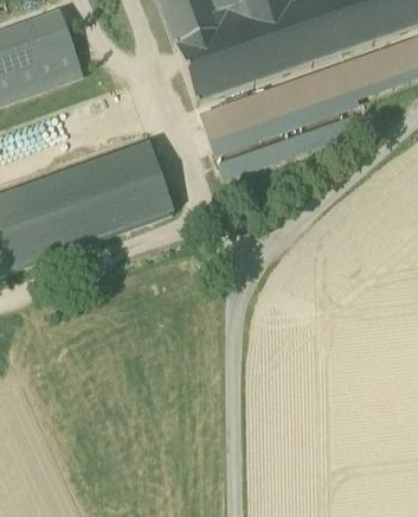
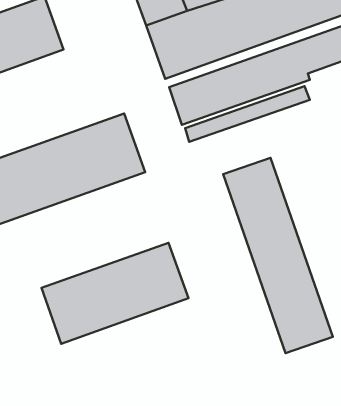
building: none -> [223,158,333,353]
building: none -> [42,243,189,344]

